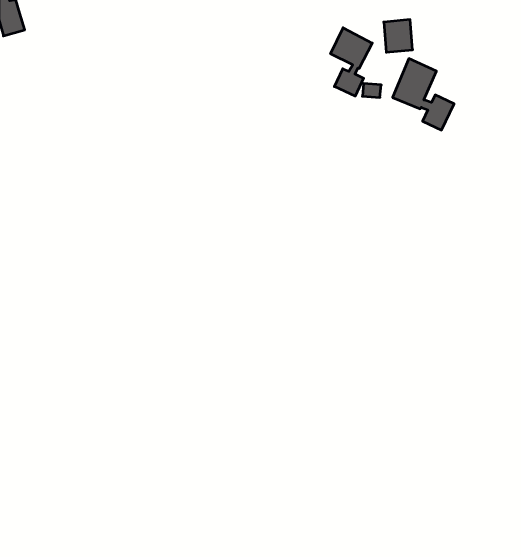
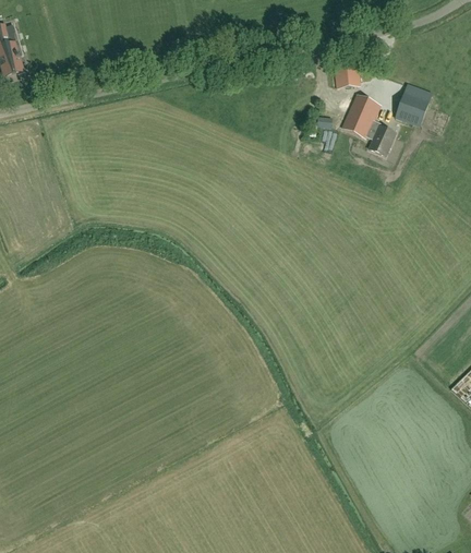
building: [331,28,372,96] -> none
building: none -> [397,85,433,125]

